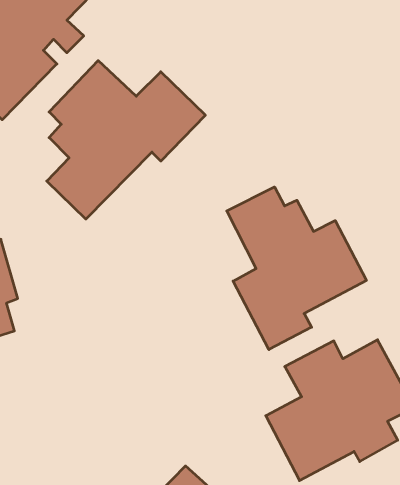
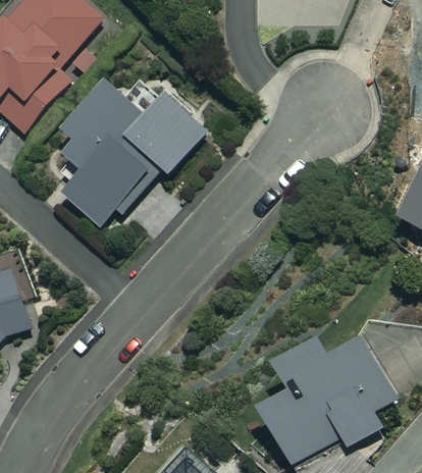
building: [227,187,366,350] -> none

